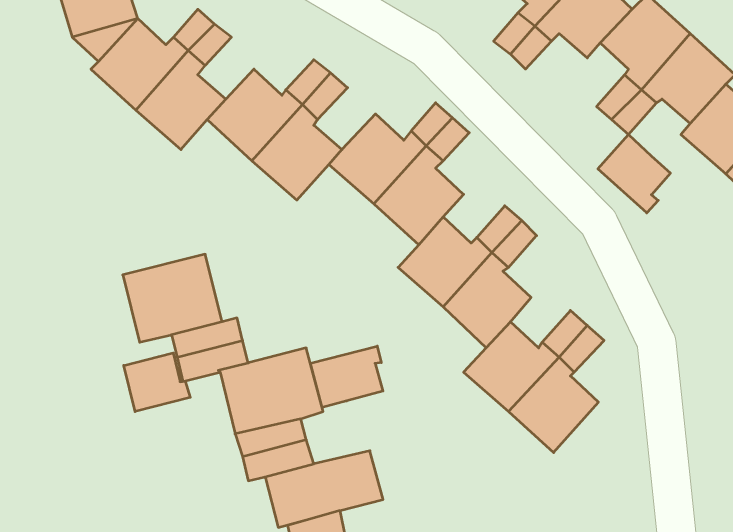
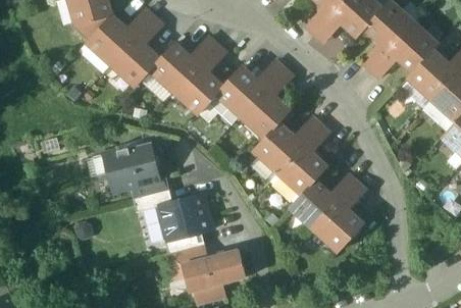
building: [598,135,670,213] -> none
building: [310,346,383,407] -> none
building: [124,353,190,412] -> none

